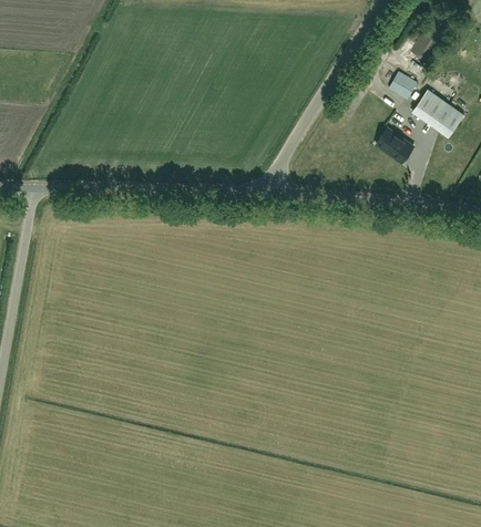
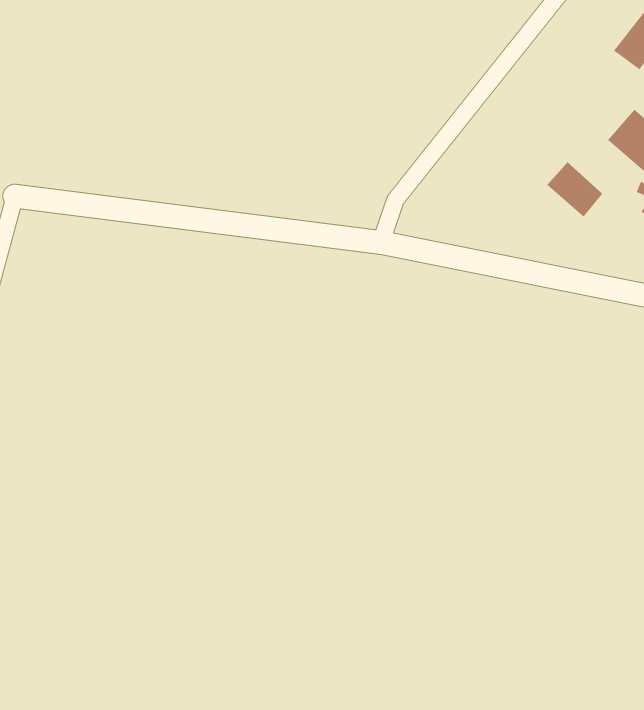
building: [387,71,417,99] -> none

